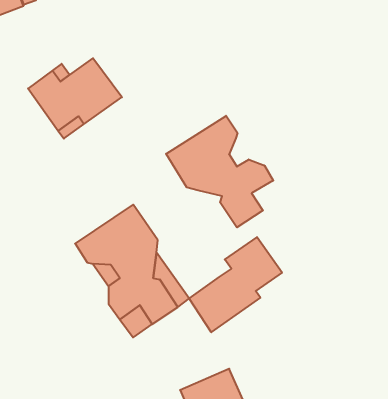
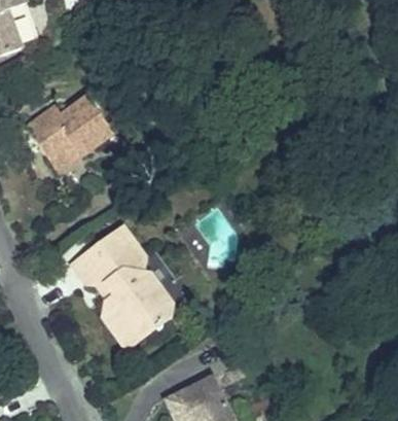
building: [166,116,273,227] -> none
building: [189,237,282,332] -> none

